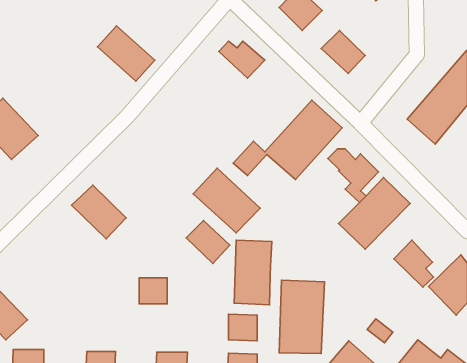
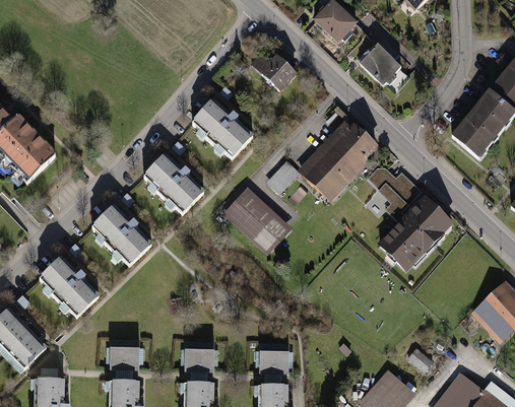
building: [97,26,155,81] -> [190,99,251,158]
building: none -> [143,155,201,212]
building: [186,221,230,264] -> none
building: none -> [40,259,98,316]
building: [234,240,272,305] -> none
building: [394,240,433,287] -> none
building: [139,278,167,304] -> [184,342,213,369]
building: [279,280,324,353] -> none
building: none -> [110,341,139,369]

